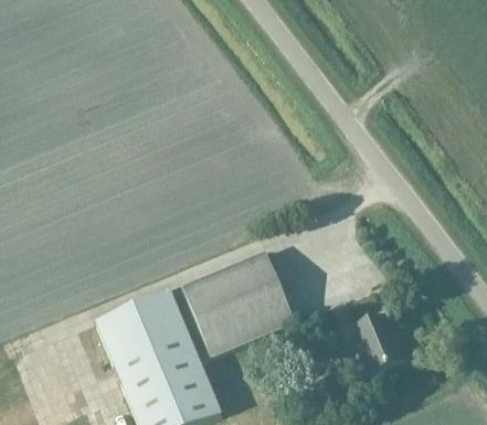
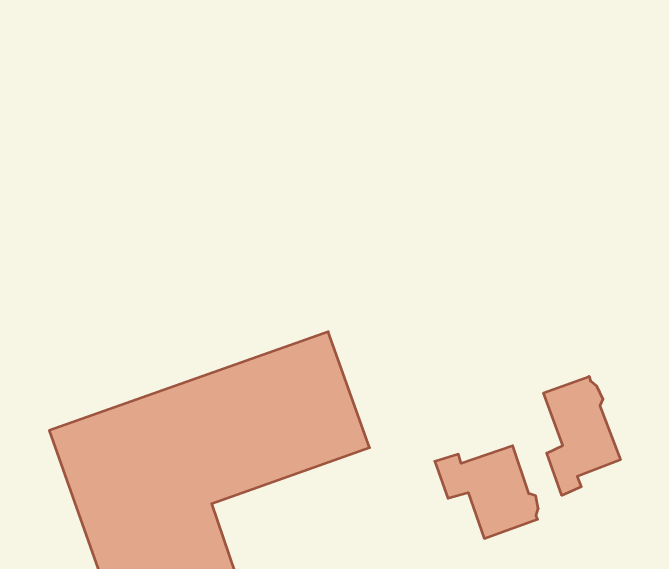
building: none -> [544,376,620,495]

